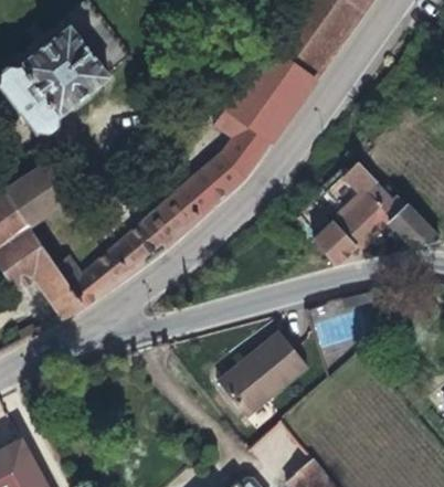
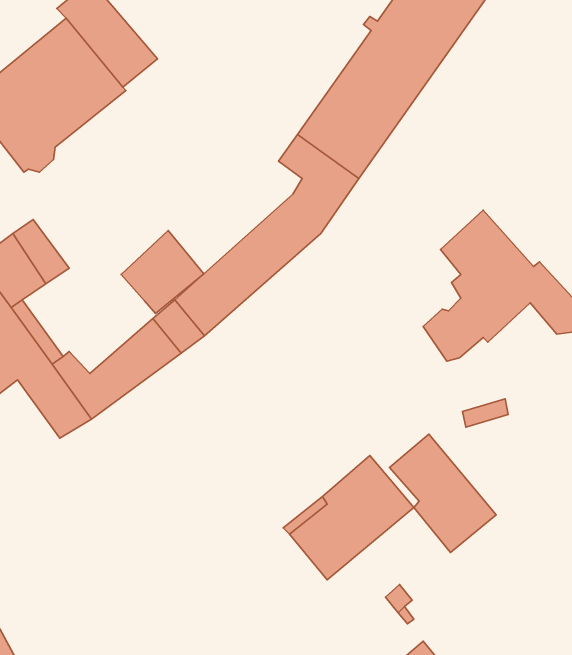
building: none -> [121,230,204,314]
building: none -> [389,434,496,553]

